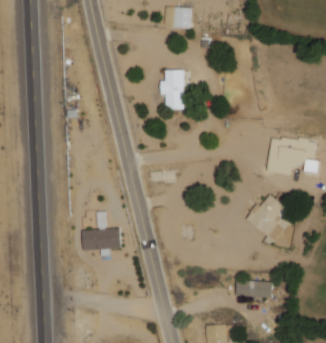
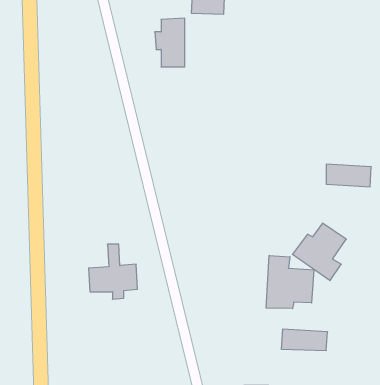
building: [160,70,184,109] -> [155,18,185,67]
building: none -> [266,255,314,309]

